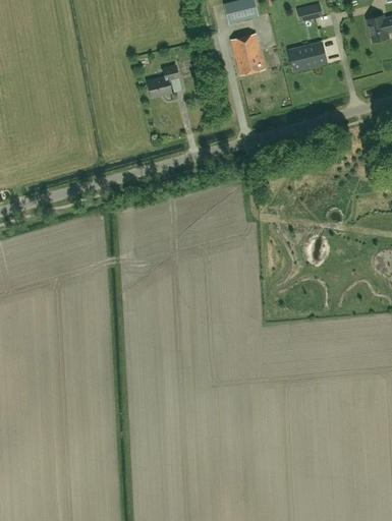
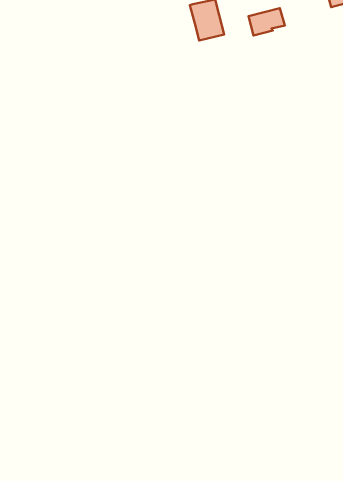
building: [148,65,179,97] -> none

